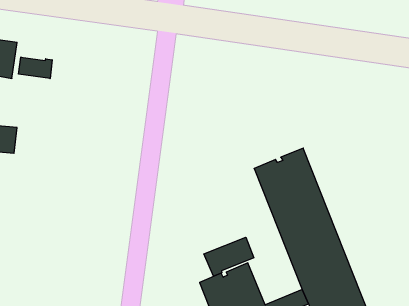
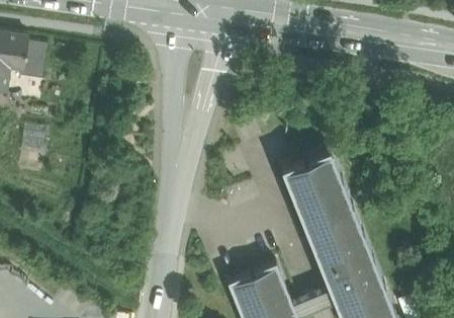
building: [19,57,52,79] -> none
building: [204,237,254,276] -> none

